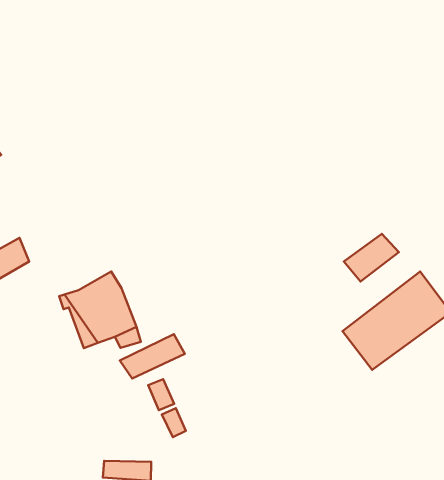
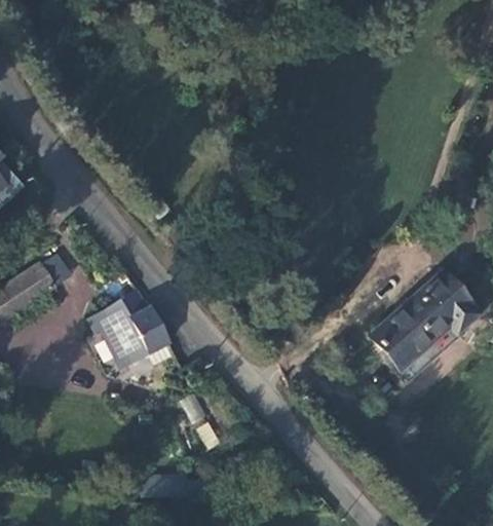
building: [344,234,399,281] -> none
building: [120,334,185,379] -> none

